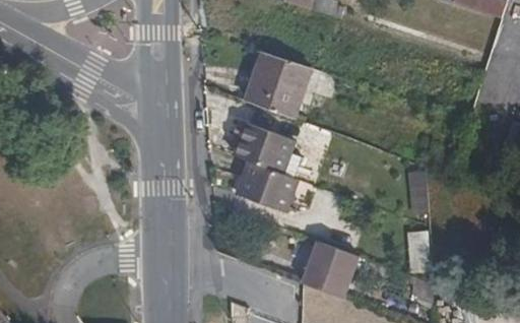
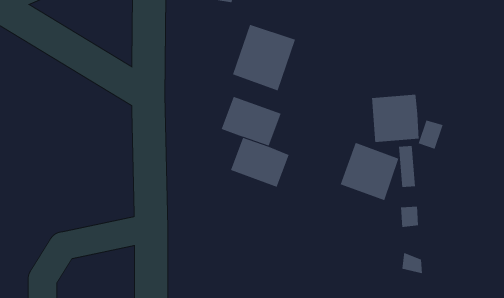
building: none -> [371,94,419,143]
building: [301,240,360,298] -> [340,142,399,201]

